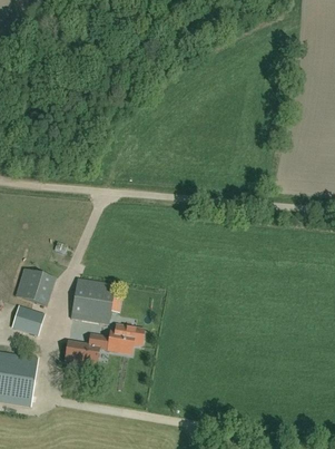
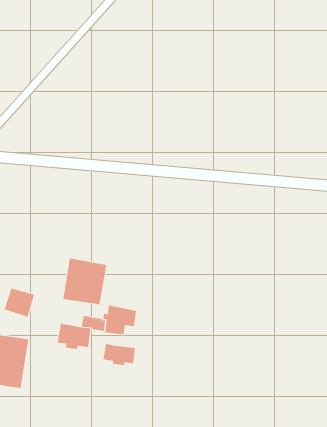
building: [14,269,55,305] -> none
building: none -> [103,343,135,366]

